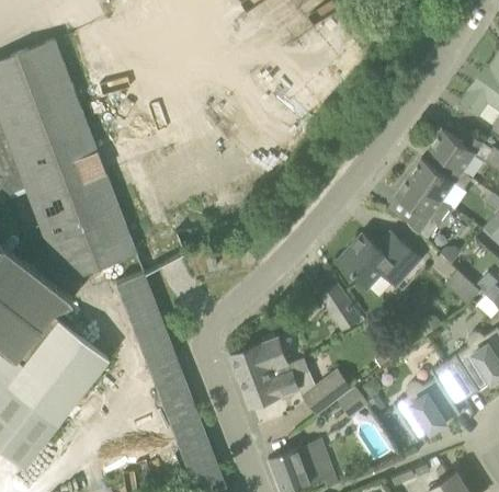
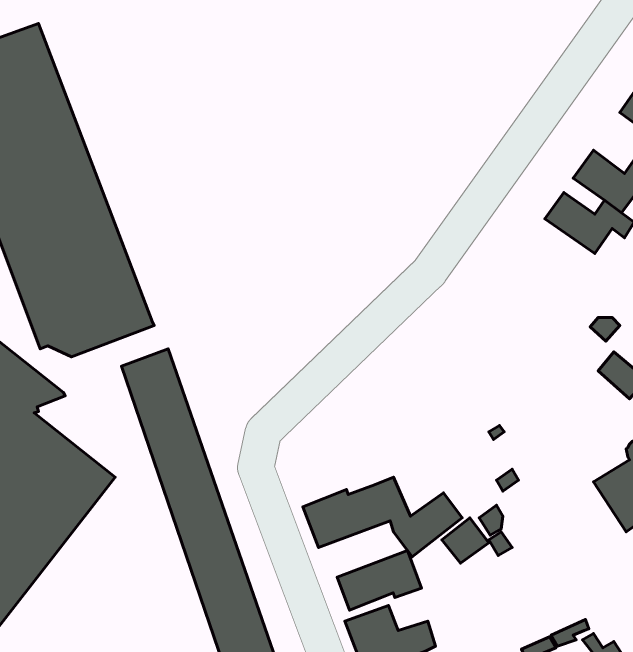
building: [396,178,452,242] -> none
building: [340,232,420,288] -> none
building: [321,286,360,331] -> none
building: [230,337,290,379] -> [337,551,421,610]
building: [394,362,466,442] -> none

